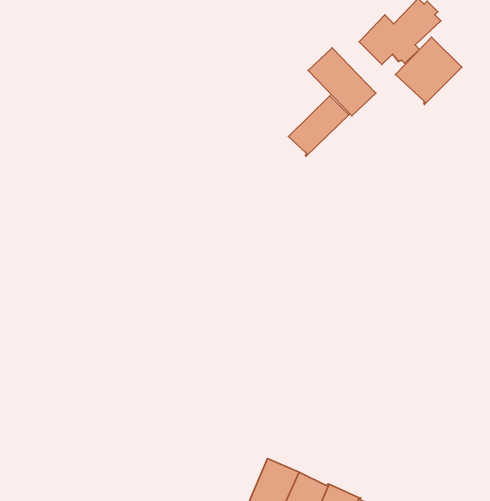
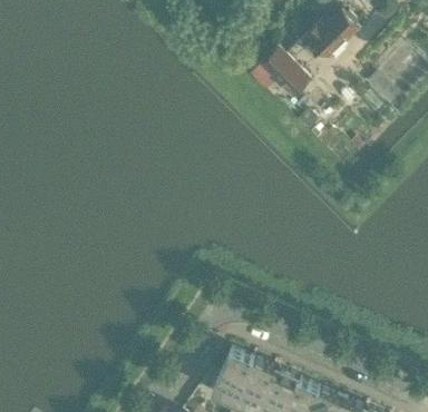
building: [396,37,462,105] -> none
building: [288,96,349,156] -> none

